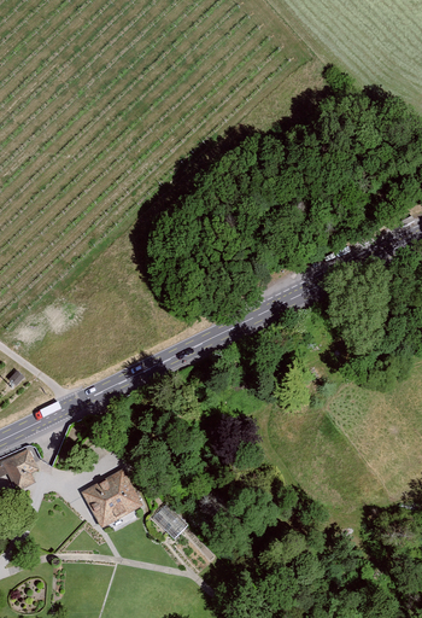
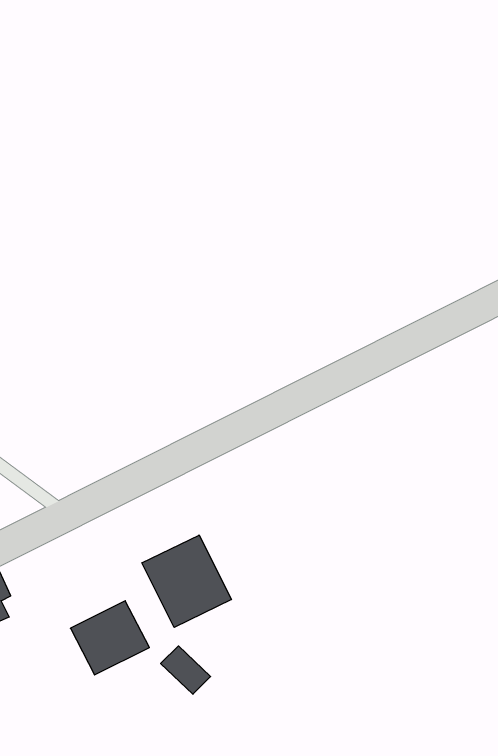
building: none -> [142,535,231,627]

